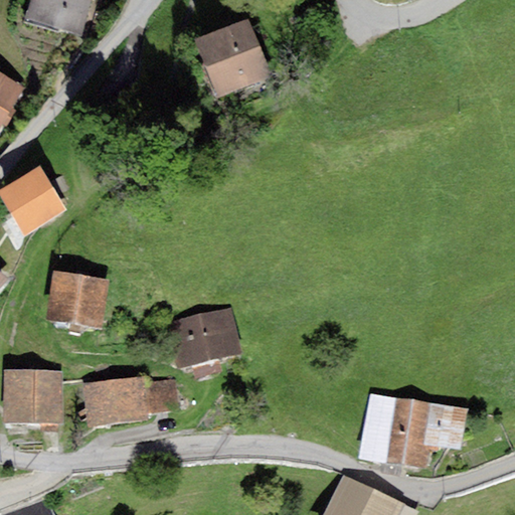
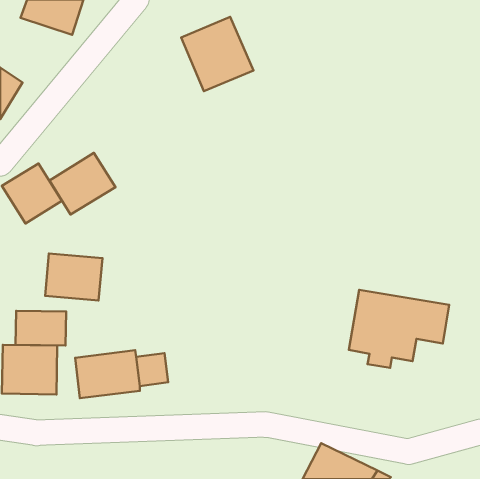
building: none -> [49,153,116,214]
building: [166,308,242,369] -> none
building: none -> [16,311,66,346]
building: [359,393,467,477] -> [349,290,449,368]

